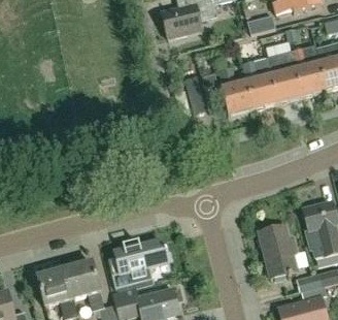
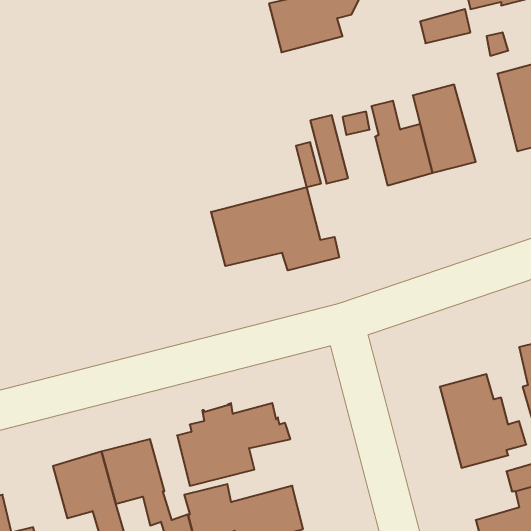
building: [266,51,302,101] -> none
building: none -> [211,187,339,270]

